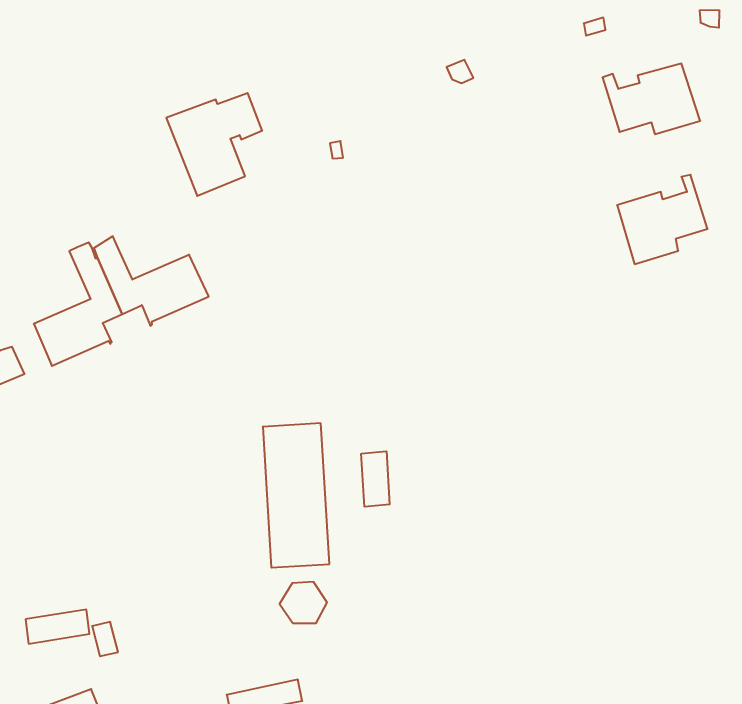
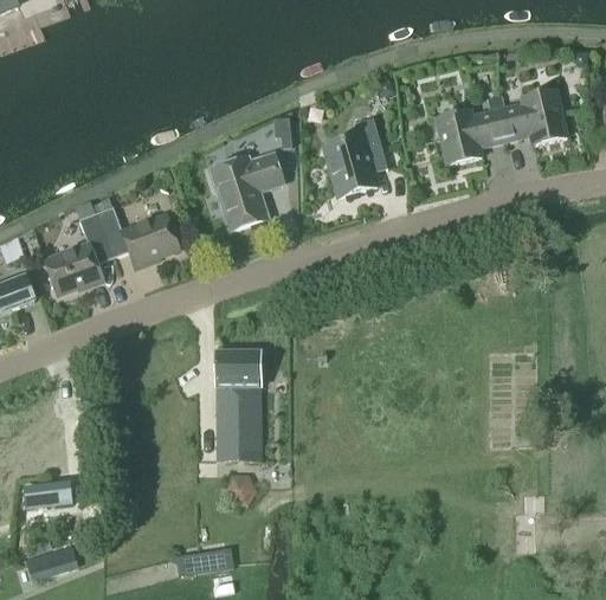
building: [166,93,262,196] -> [209,153,283,230]
building: none -> [325,117,387,196]
building: [617,175,708,264] -> [436,97,504,163]
building: [361,451,390,507] -> none

